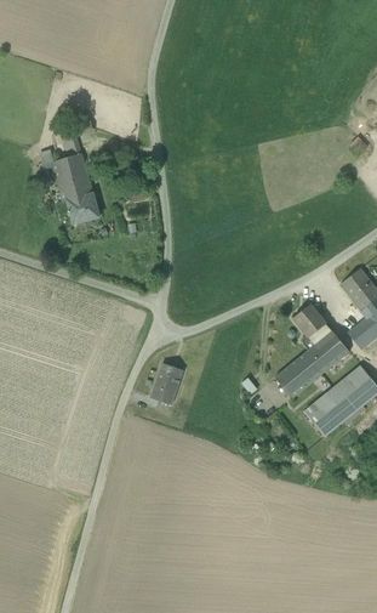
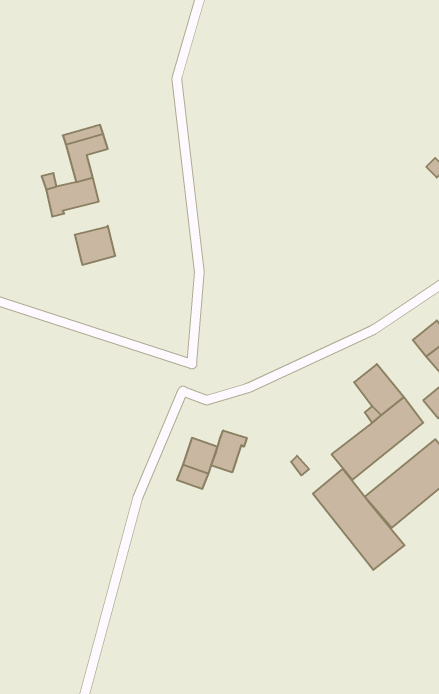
building: [57,172,92,200] -> none
building: none -> [211,430,247,472]
building: none -> [313,469,405,570]

